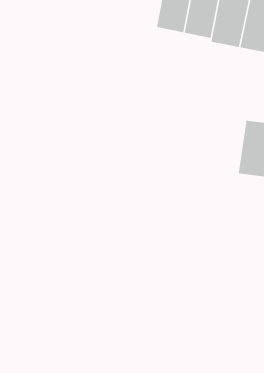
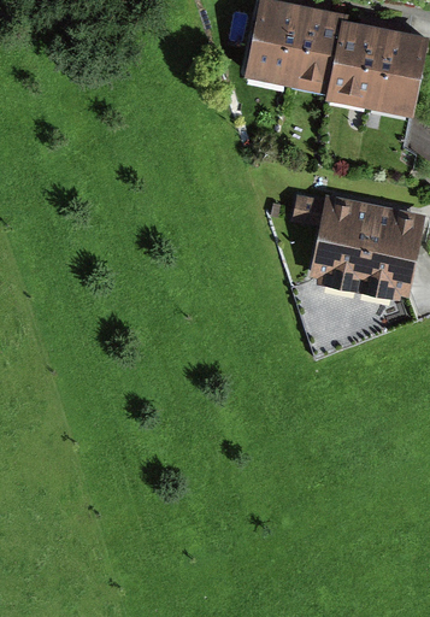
building: none -> [295,202,376,294]

